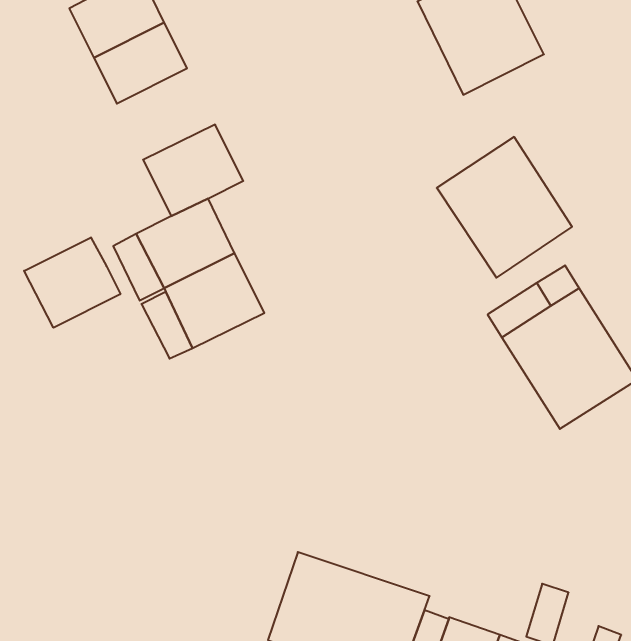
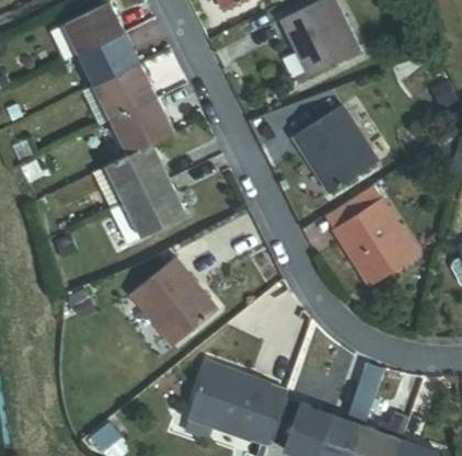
building: none -> [94,61,155,118]
building: [24,237,120,328] -> none
building: none -> [129,256,215,344]

